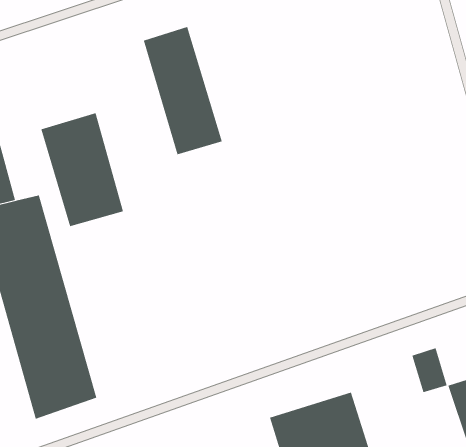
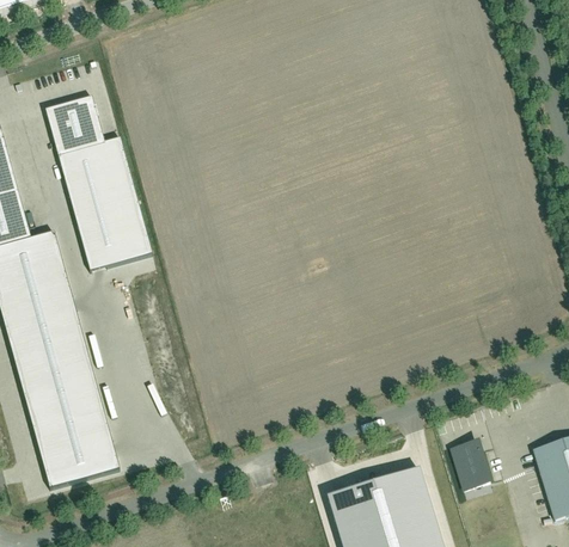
building: [143,26,223,155] -> none
building: none -> [44,98,100,155]
building: [411,347,447,393] -> [448,441,490,493]

